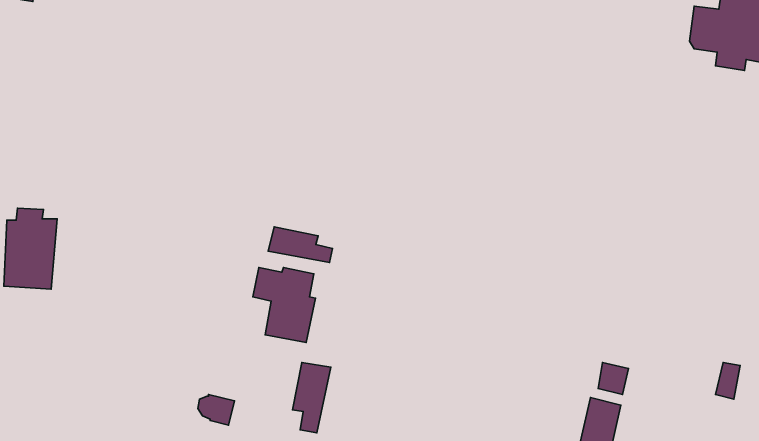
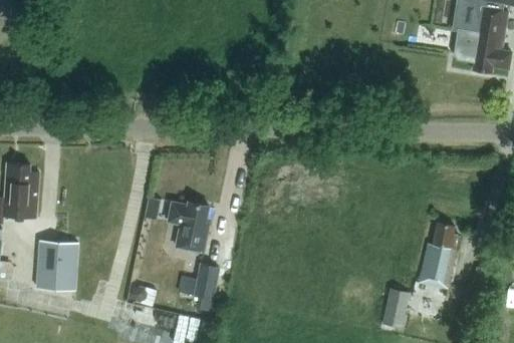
building: [268,227,333,263] -> none
building: none -> [420,223,458,289]
building: none -> [35,240,78,290]

